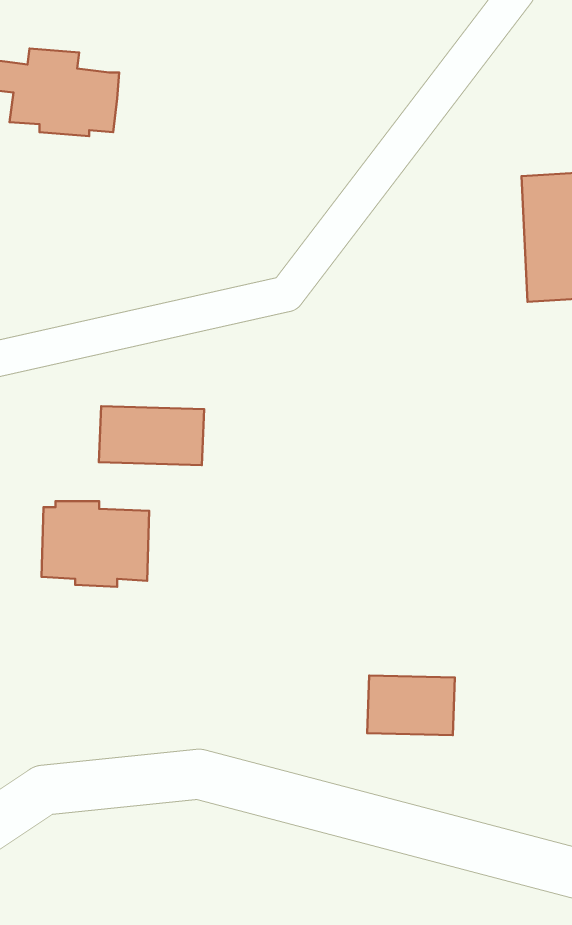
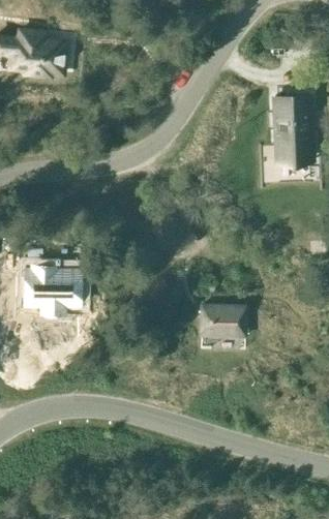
building: [99,406,204,465] -> none
building: [367,676,455,735] -> [199,306,244,337]

